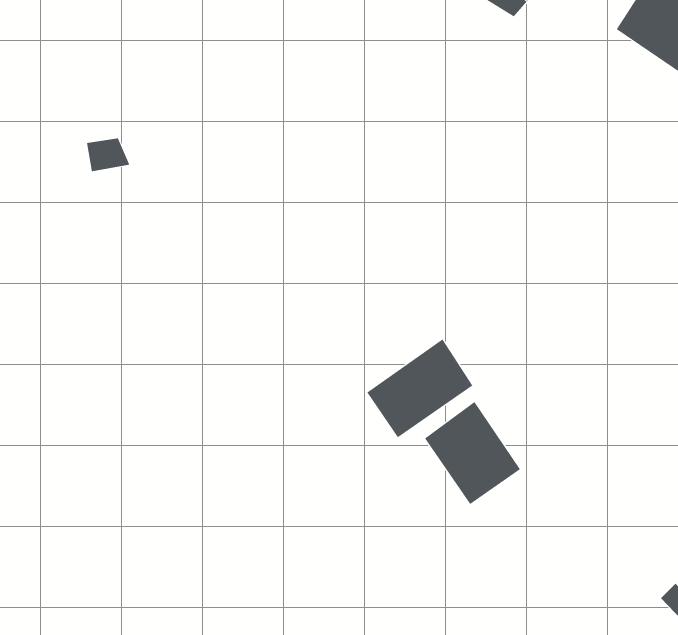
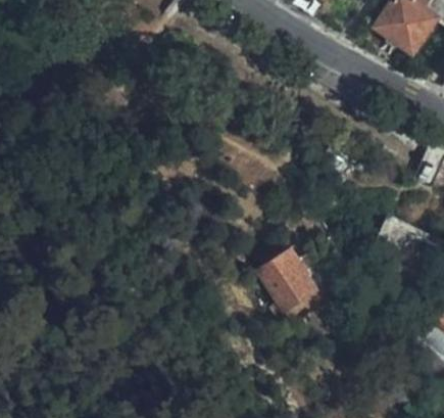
building: [366,338,473,438] -> none

